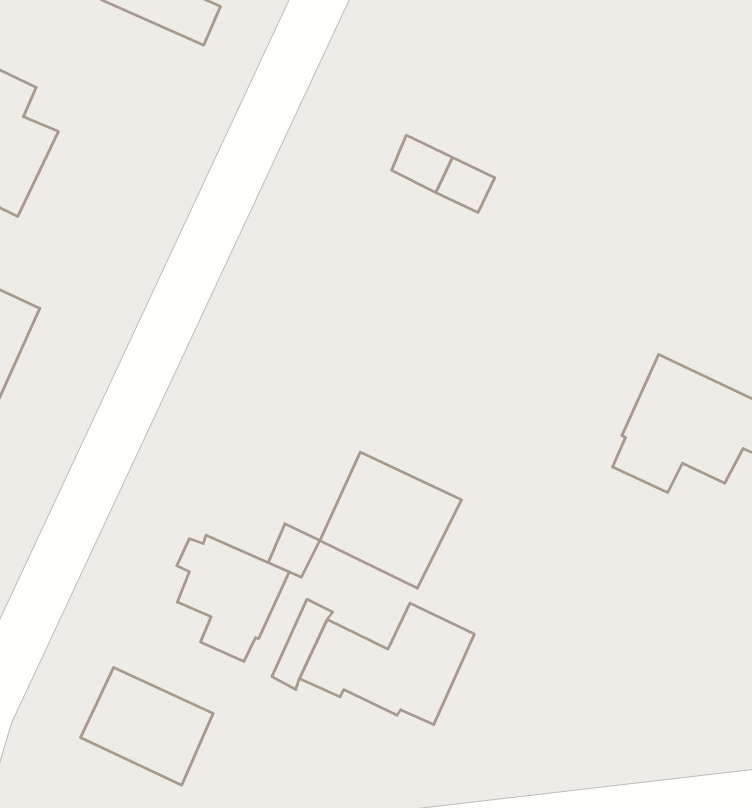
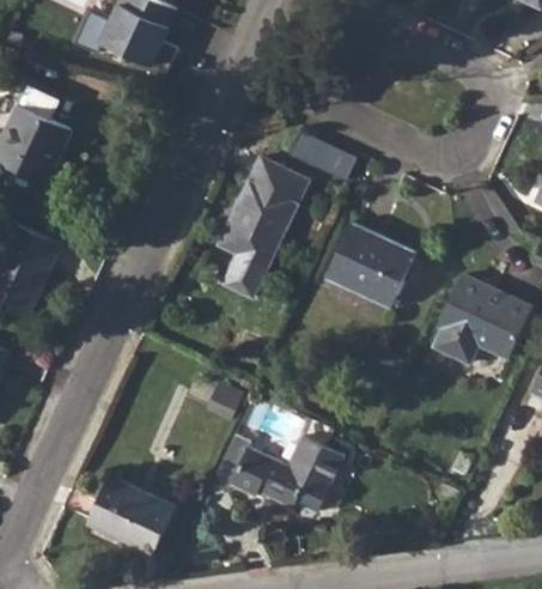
building: none -> [217,156,307,298]
building: [320,452,462,588] -> [324,220,416,309]
building: [177,535,289,662] -> none

